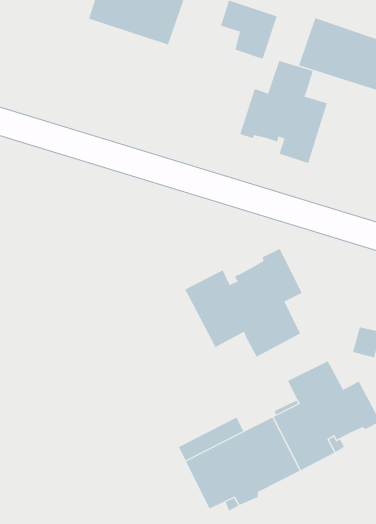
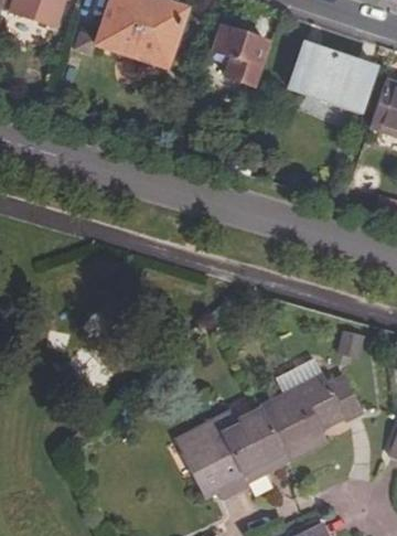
building: [240,60,328,164] -> none
building: [184,248,303,358] -> none

